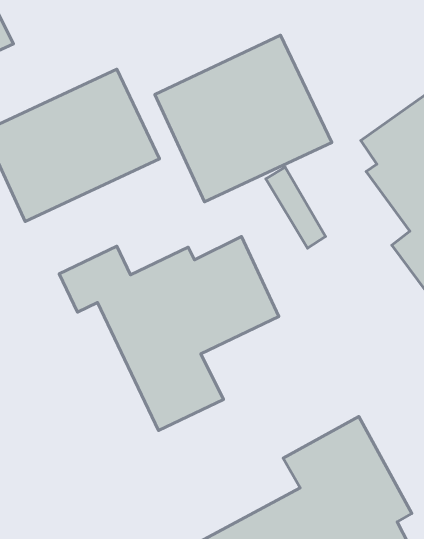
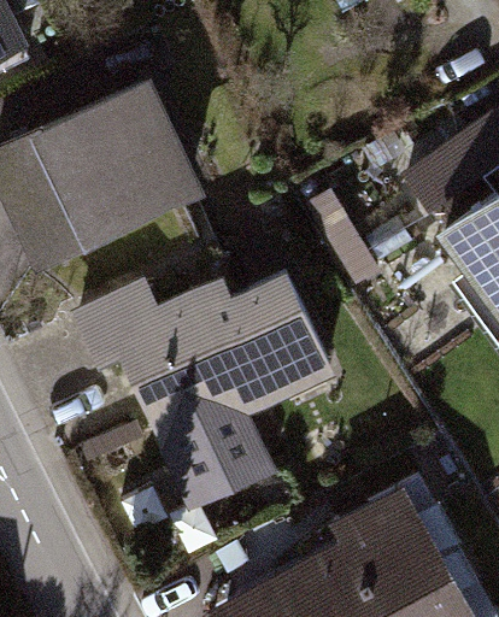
building: [155,35,332,202] -> none

